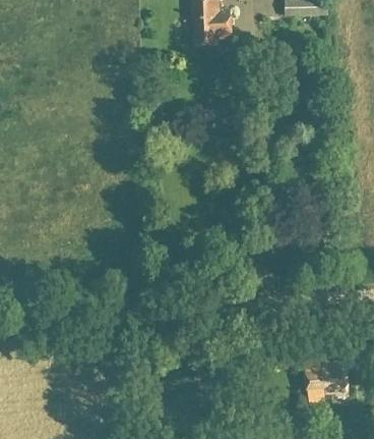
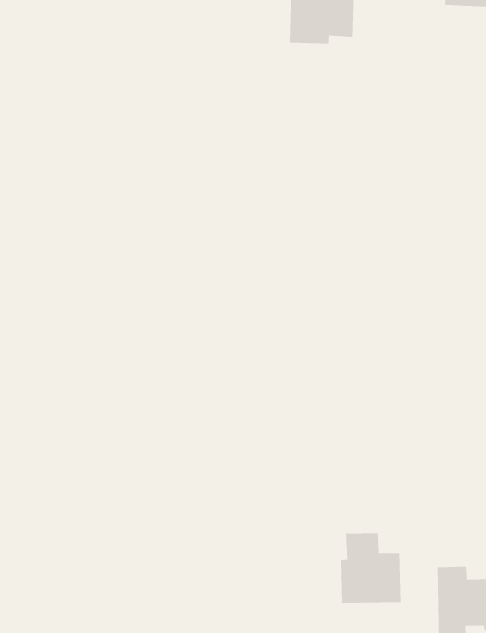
building: none -> [340,532,401,604]

